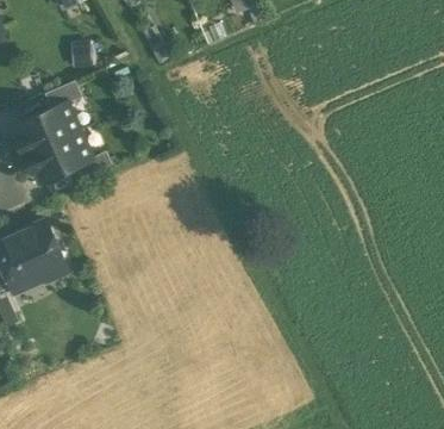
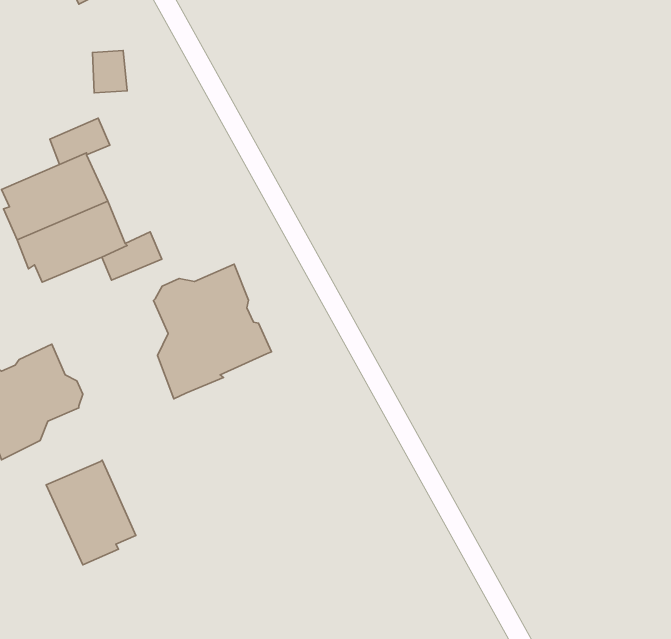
building: none -> [153,264,272,399]
building: none -> [46,460,136,565]

